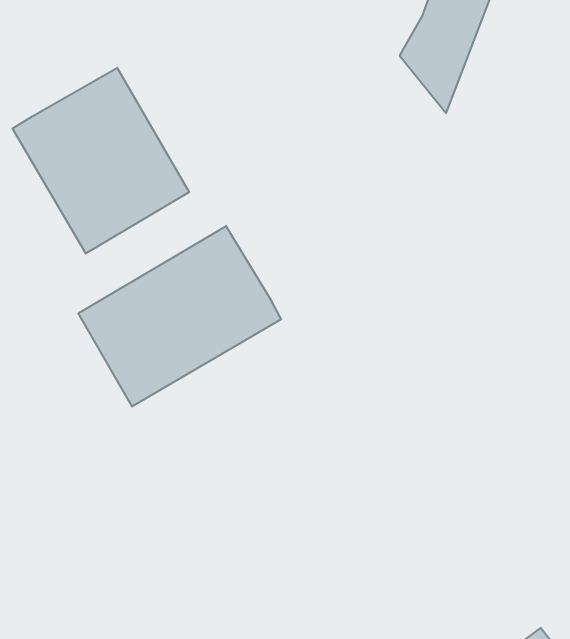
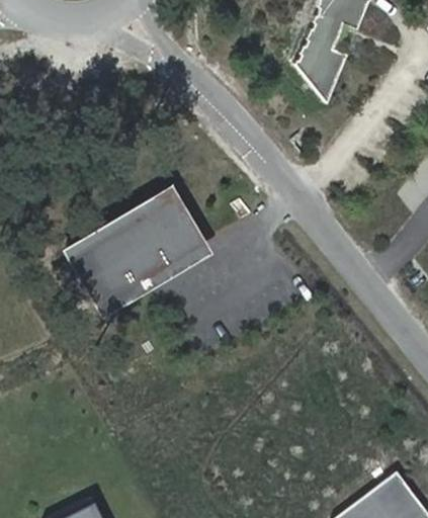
building: [13,68,189,254] -> none

